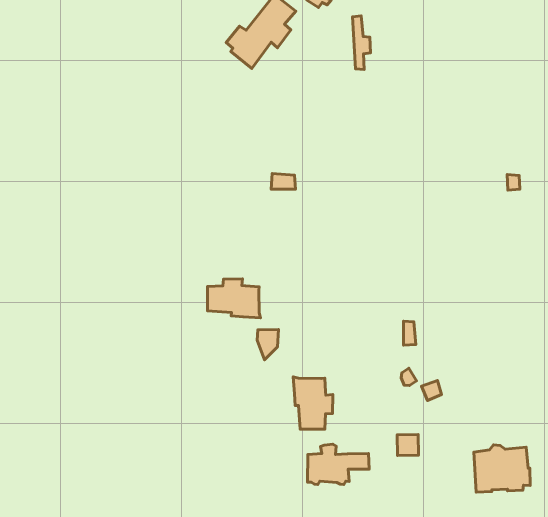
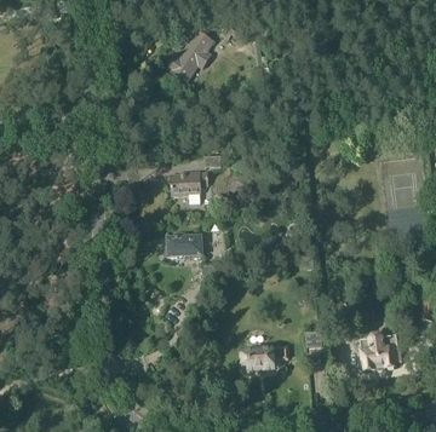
building: none -> [171,169,207,201]
building: [293,377,333,429] -> none

